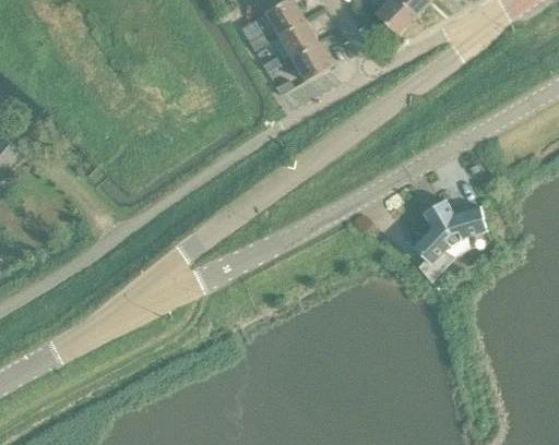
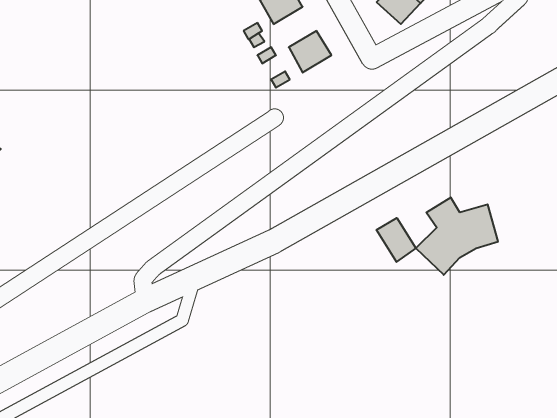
building: [276,17,317,56] -> none
building: none -> [377,218,416,262]

